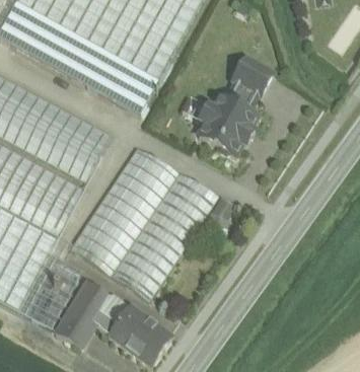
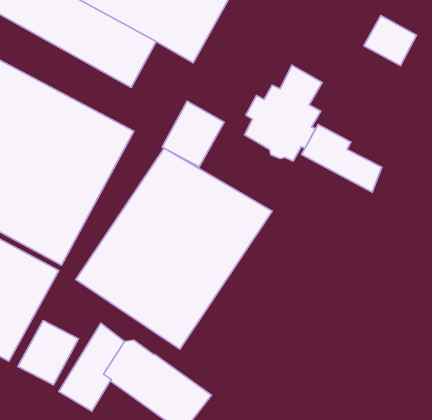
building: [232,58,273,96] -> [364,15,416,65]
building: [112,64,159,115] -> [162,101,224,167]
building: none -> [302,125,382,192]
building: [44,257,82,293] -> none

